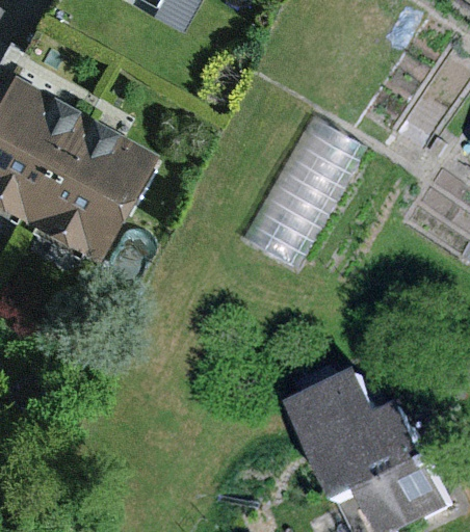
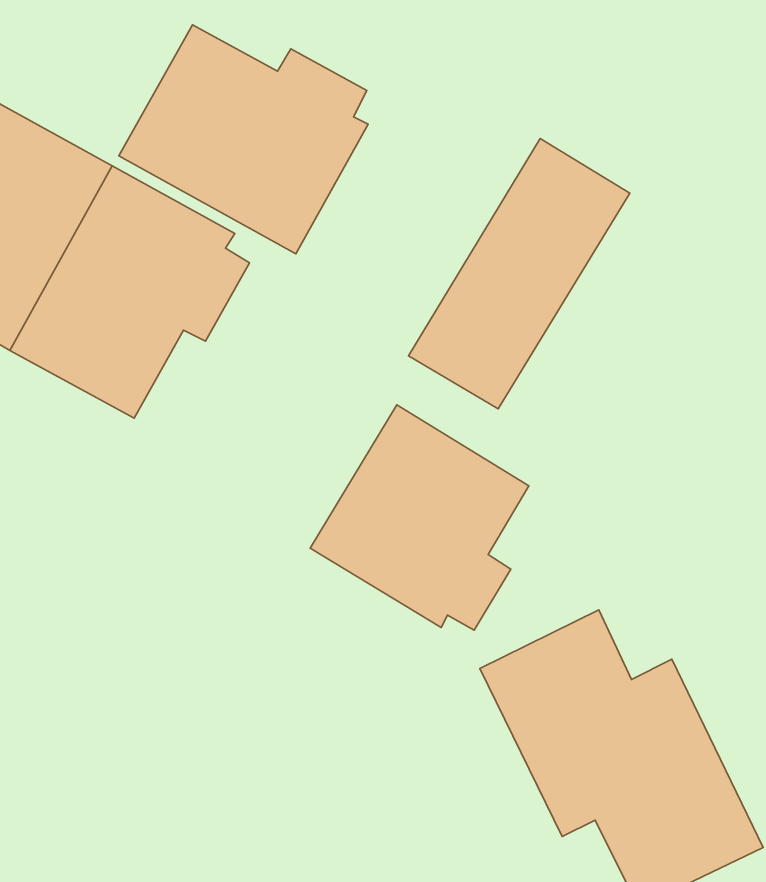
building: none -> [119,25,368,254]
building: none -> [310,405,529,630]

